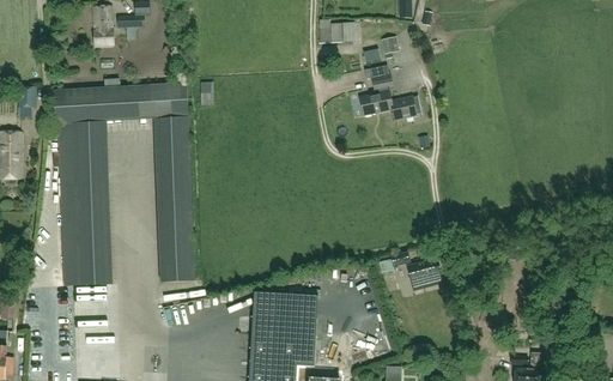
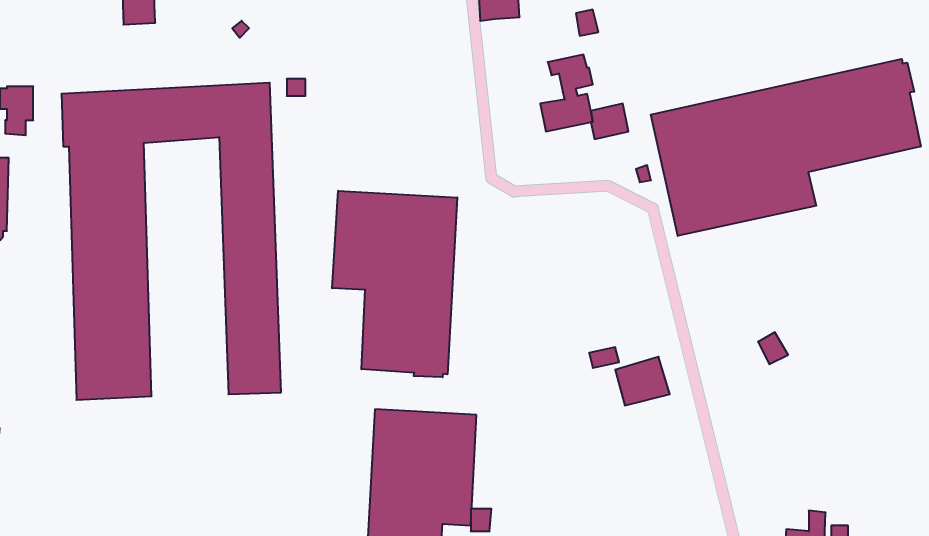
building: none -> [651,59,921,236]
building: none -> [332,191,457,377]

